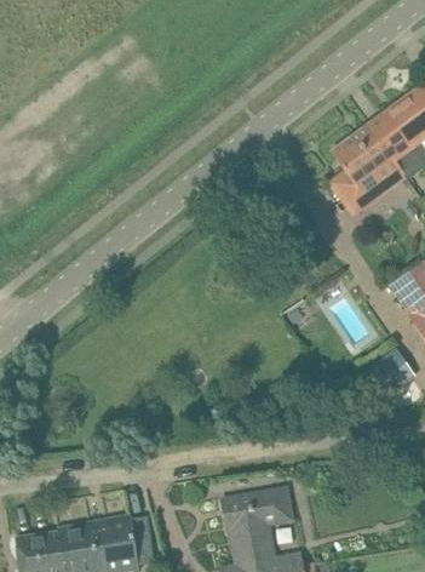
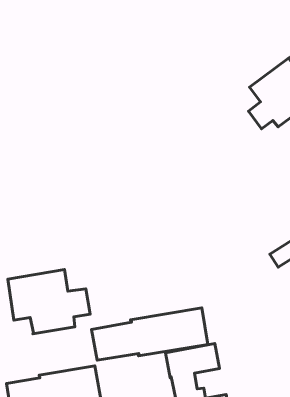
building: none -> [8,270,90,334]
building: none -> [92,308,208,360]

